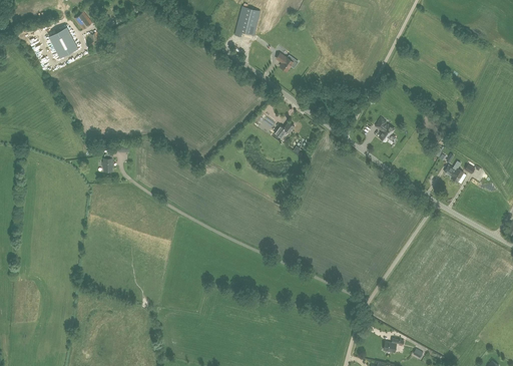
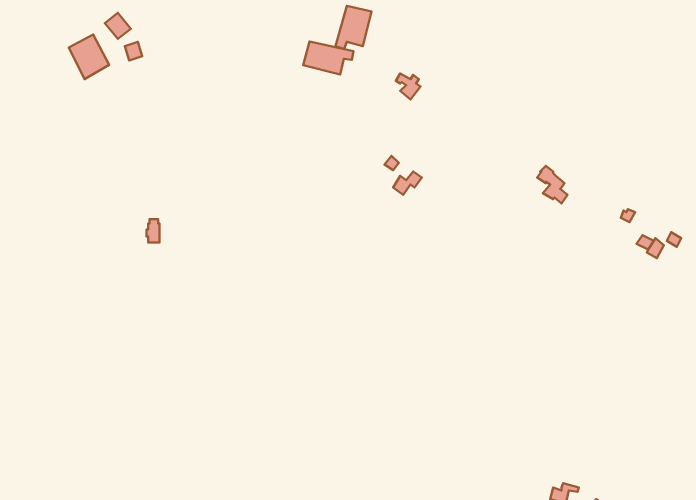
building: none -> [303,42,353,75]

